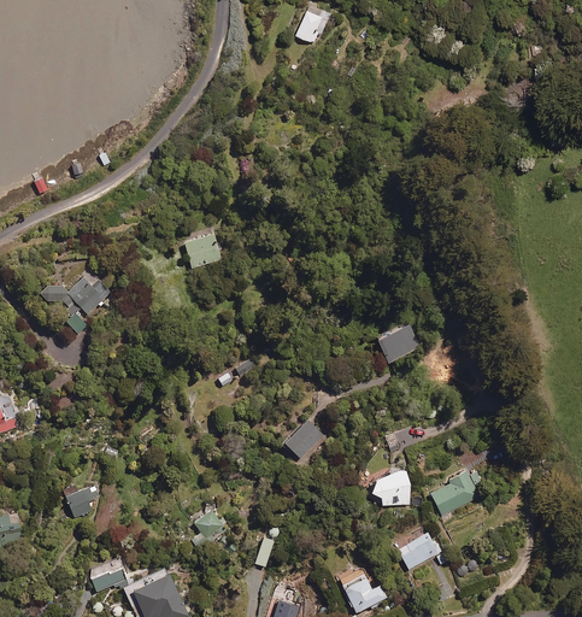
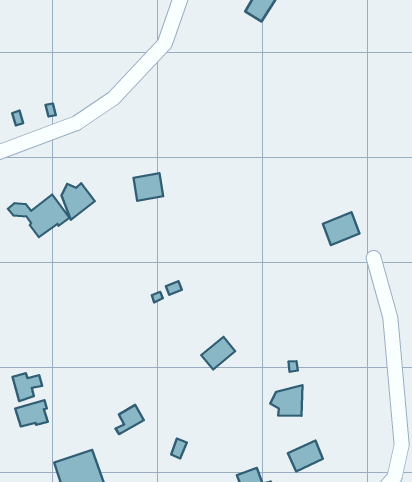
building: none -> [61,183,95,220]
building: [375,322,419,363] -> [323,212,360,245]
building: [430,471,482,516] -> none
building: [87,558,127,592] -> [15,400,48,426]

